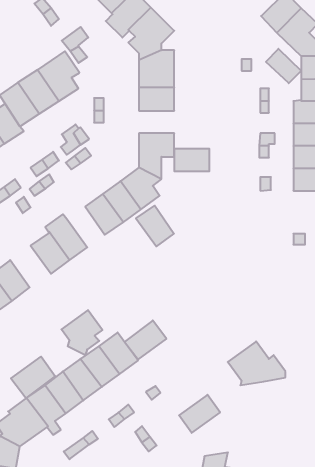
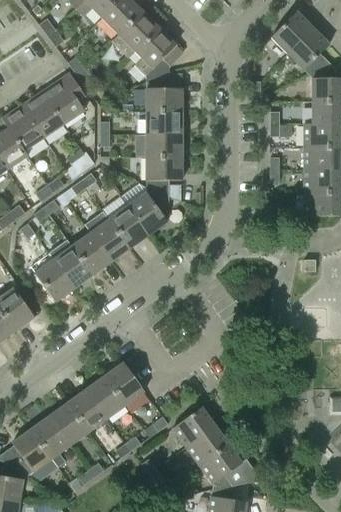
building: [266,49,301,83] -> none
building: [174,149,209,171] -> [146,134,182,157]
building: [136,206,174,246] -> [72,232,111,274]
building: [61,310,102,355] -> none
building: [124,320,166,359] -> [173,406,216,446]
building: [228,341,285,385] -> [200,443,259,488]
building: [11,357,55,398] -> none

